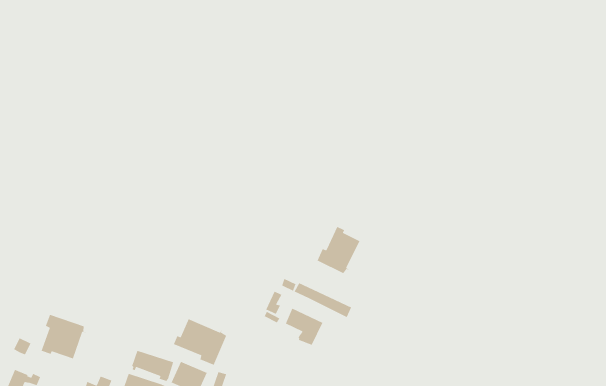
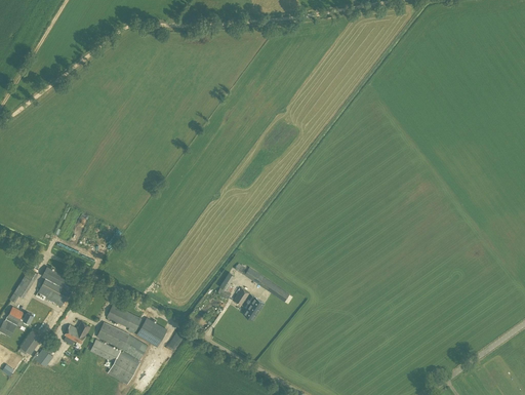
building: [316,226,360,274] -> none
building: [173,318,227,366] -> none

